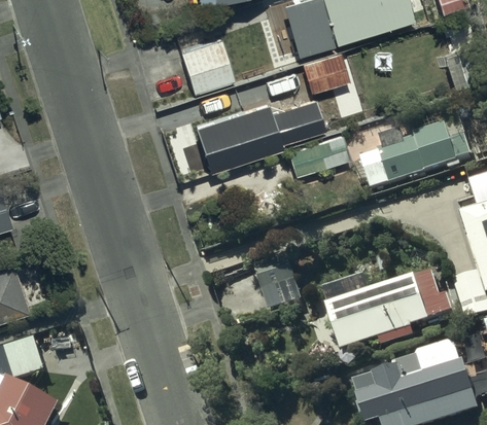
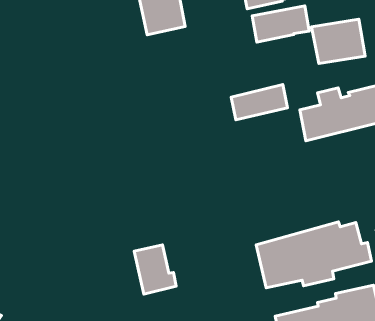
building: none -> [312,19,365,63]
building: [195,100,322,172] -> none
building: [256,259,305,314] -> [134,245,176,294]

